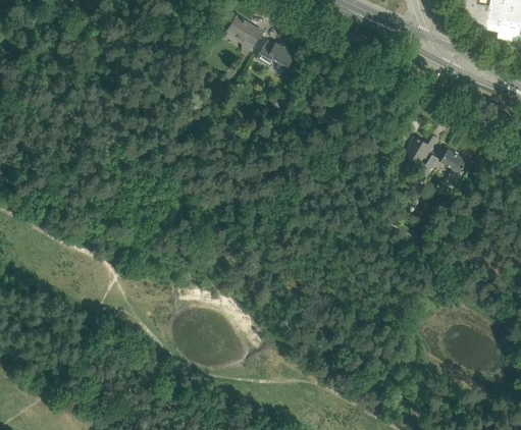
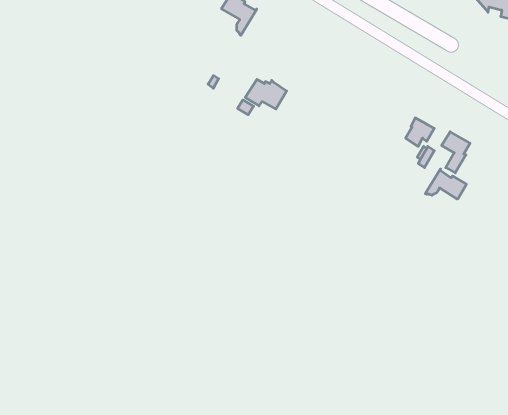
building: [257,39,297,67] -> [245,79,287,109]
building: none -> [425,169,466,199]

